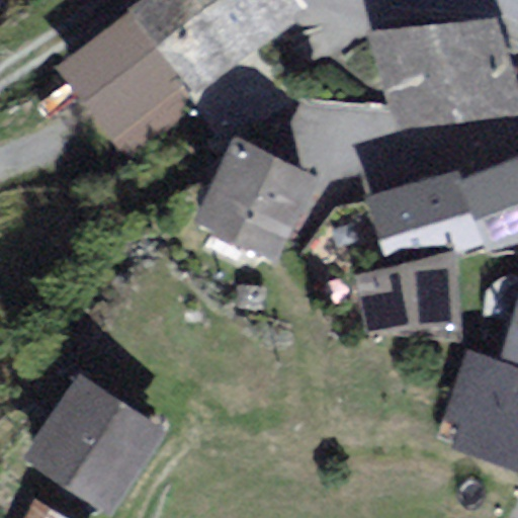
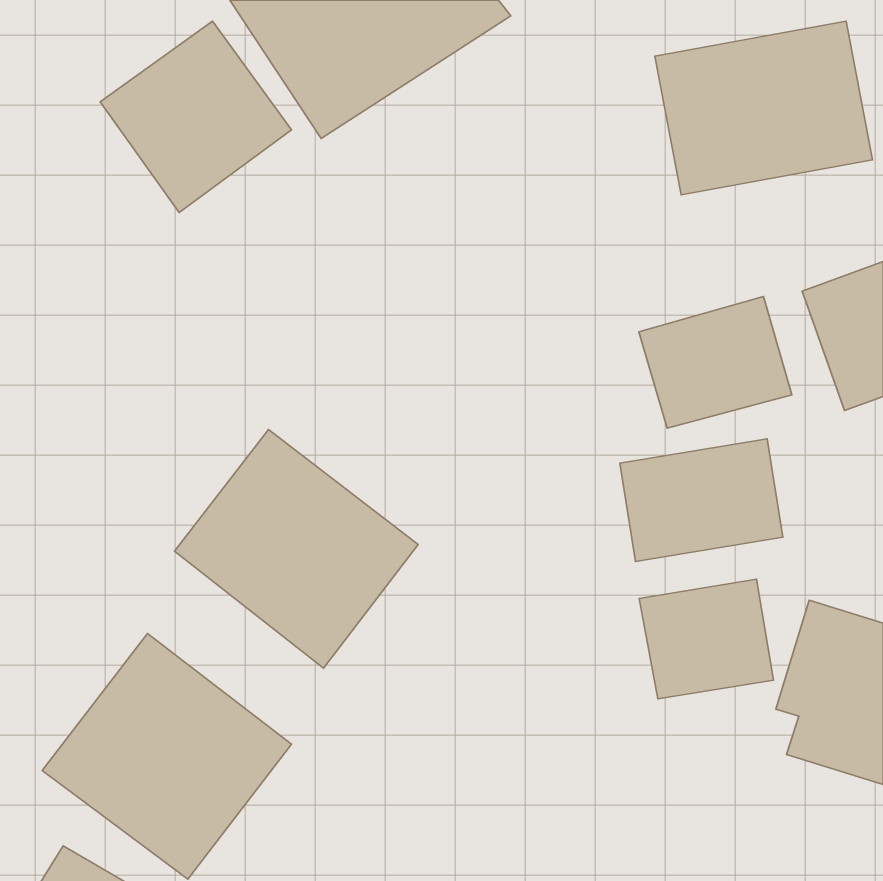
building: [197,144,303,252] -> none
building: none -> [175,429,418,668]
building: none -> [639,579,773,699]

